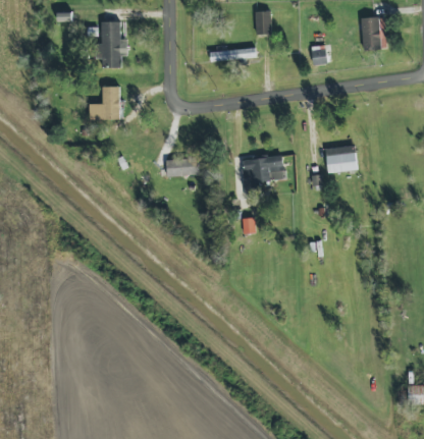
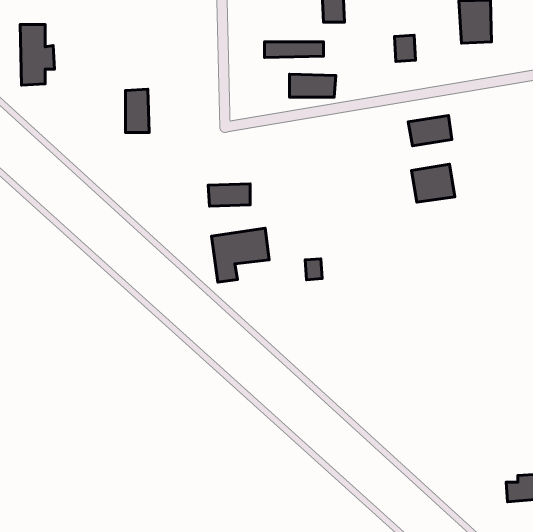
building: [101,21,127,68] -> [20,25,54,85]
building: none -> [290,74,336,97]
building: none -> [408,115,452,146]
building: [241,154,285,196] -> [211,228,269,282]

